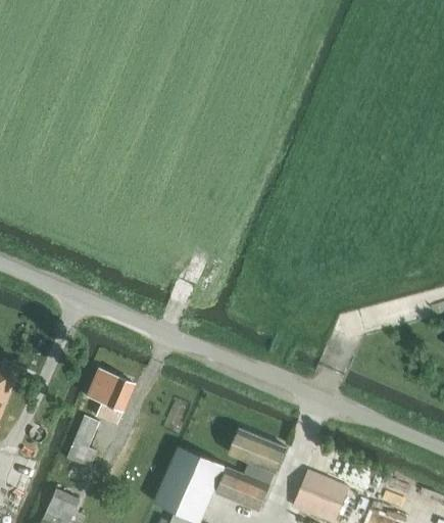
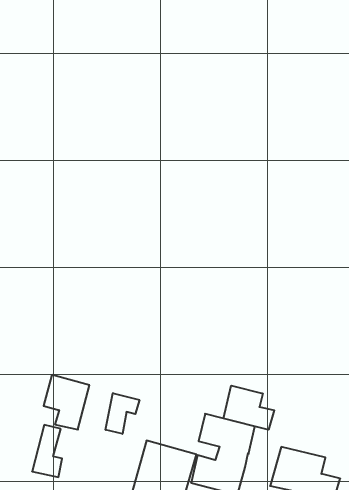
building: none -> [106,393,139,434]
building: none -> [224,386,274,430]

